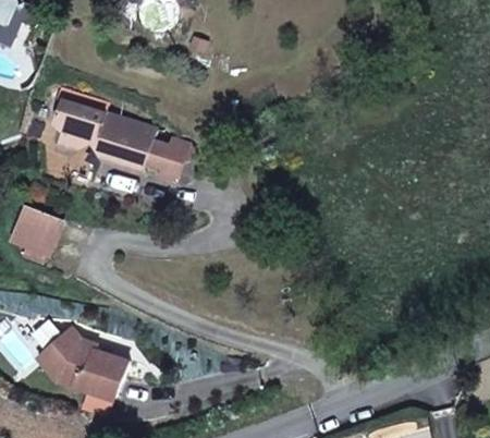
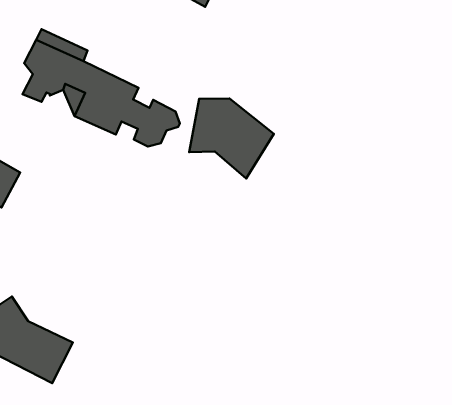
building: none -> [189,98,274,178]

